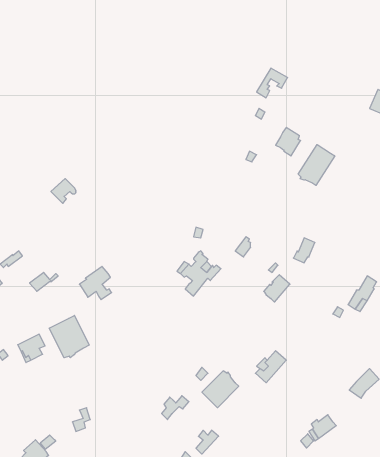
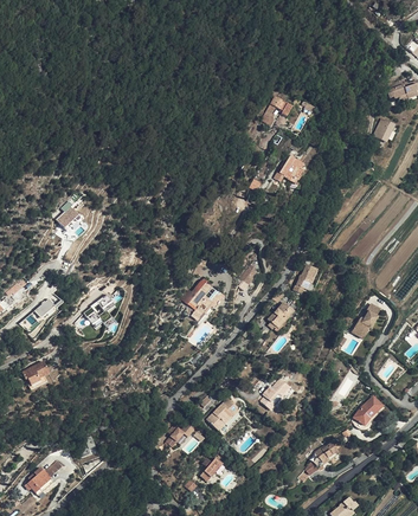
building: [298,145,335,185] -> none
building: [49,315,89,358] -> none

